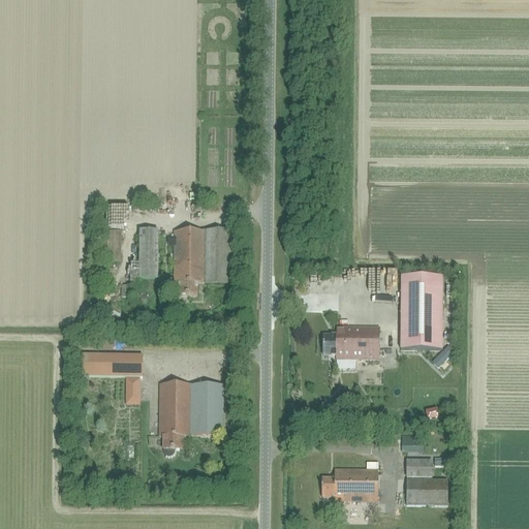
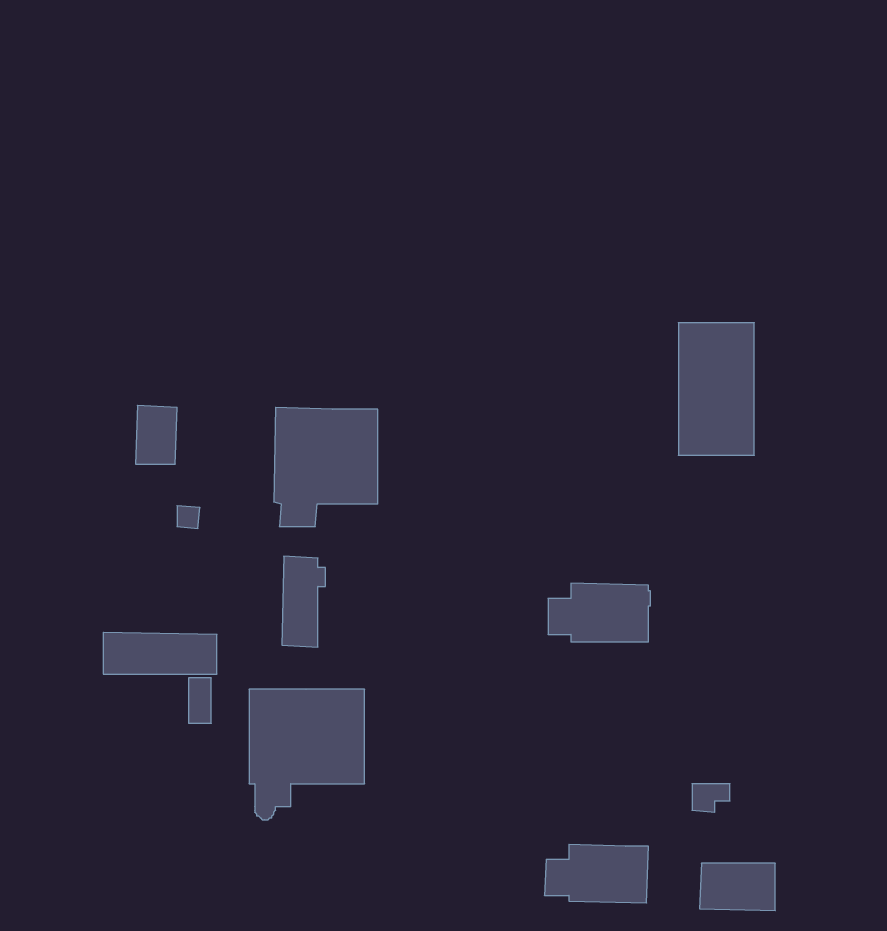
building: [138,227,162,277] -> [282,556,325,647]
building: [399,274,440,346] -> [678,323,754,455]
building: [406,458,432,475] -> none

